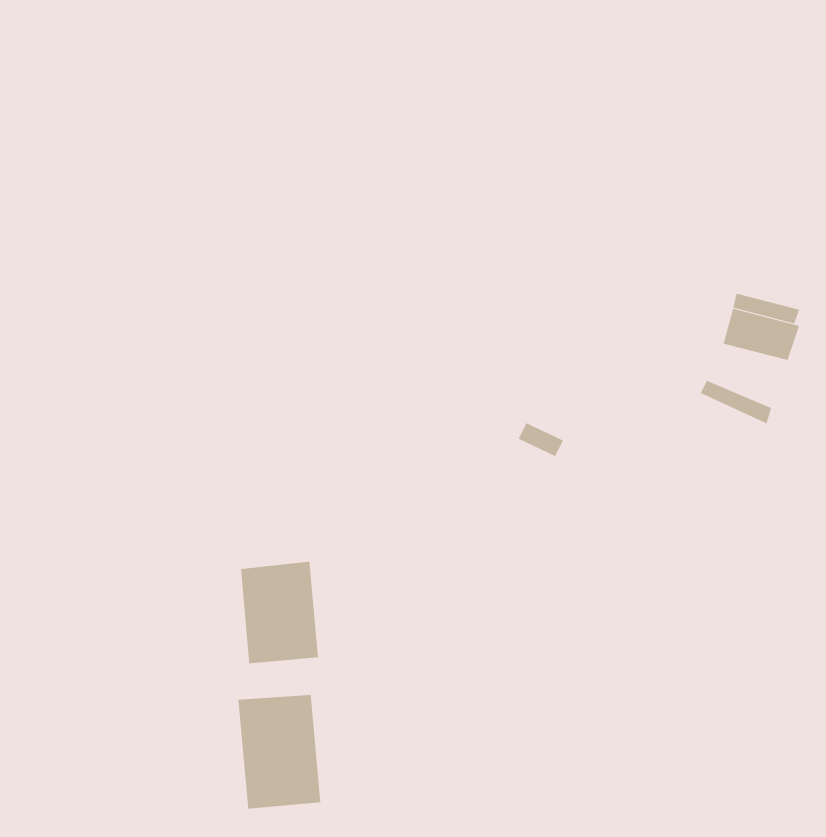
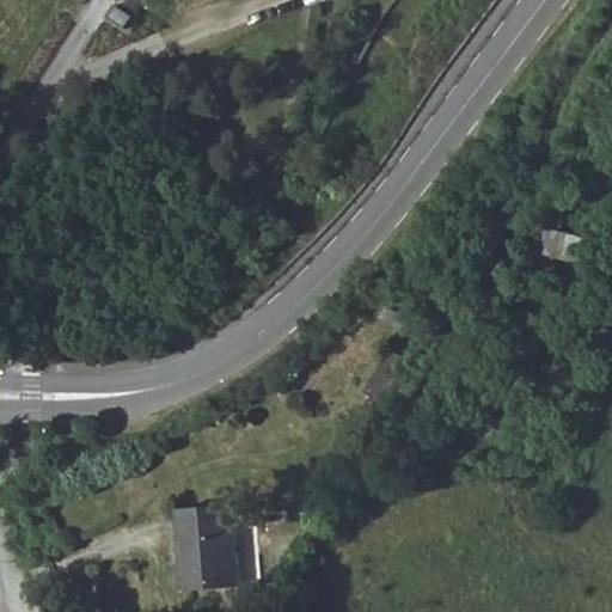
building: [240,561,318,664] -> none

